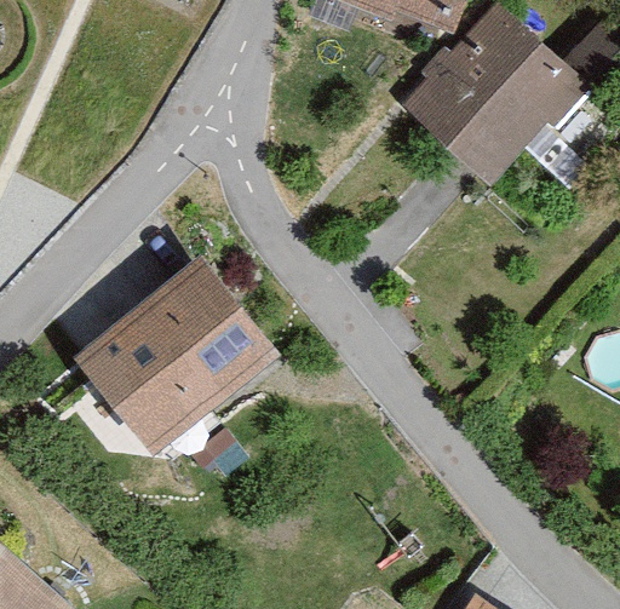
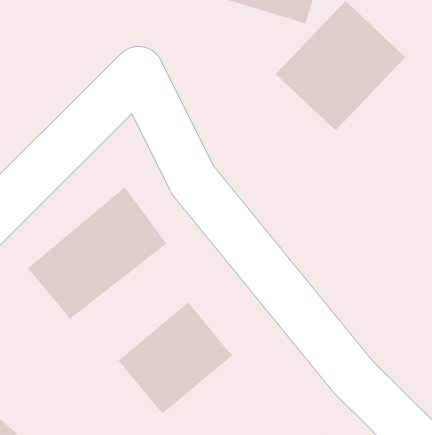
building: none -> [118,302,233,415]

